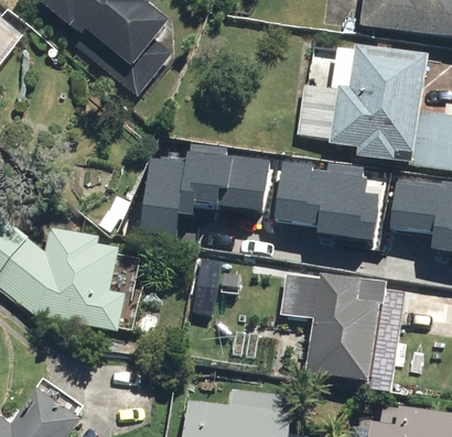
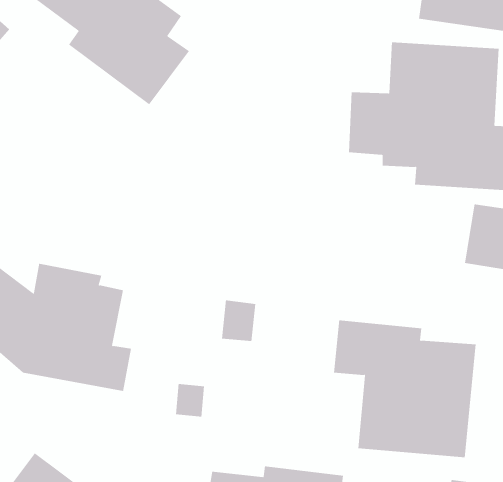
building: [142,142,270,233] -> none
building: [281,162,381,240] -> none

